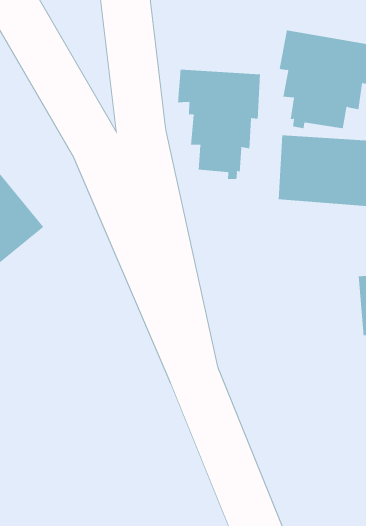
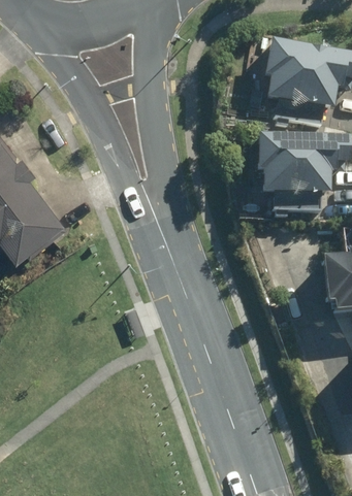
building: [178,69,261,180] -> none

